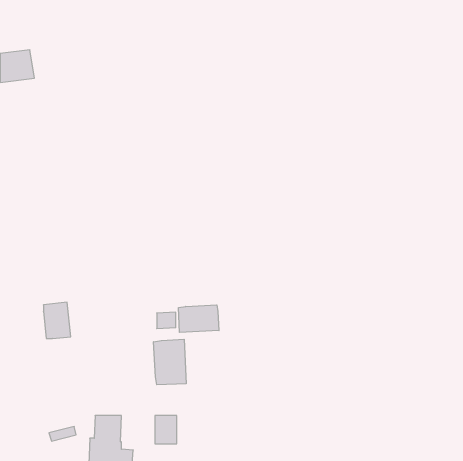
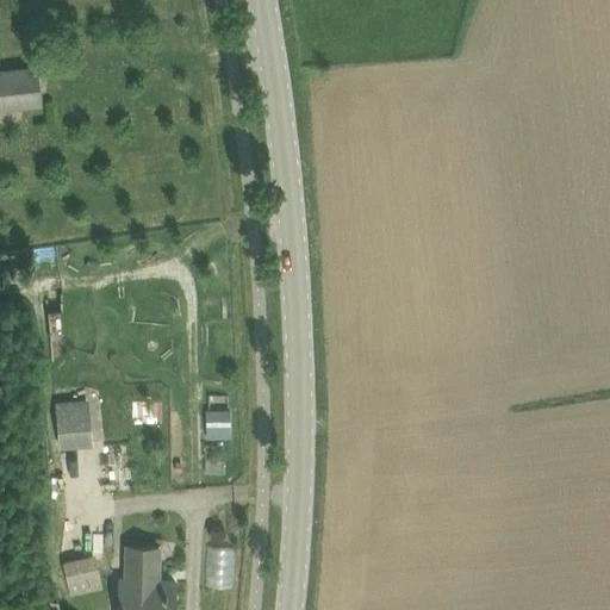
building: [179,305,219,332] -> none
building: [154,339,186,385] -> none

